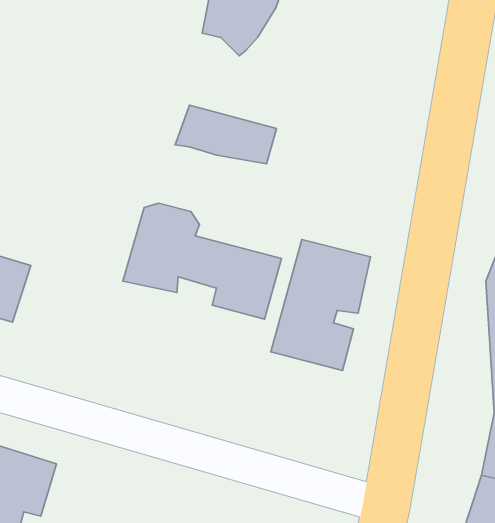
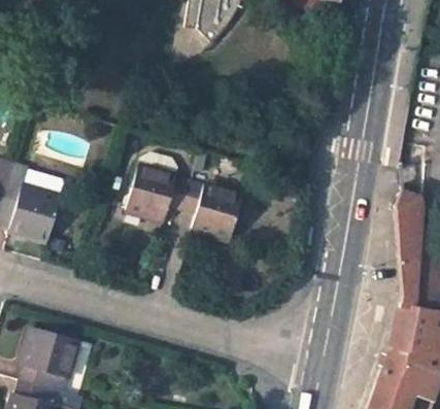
building: [175,105,276,164] -> none
building: [271,240,371,371] -> none

